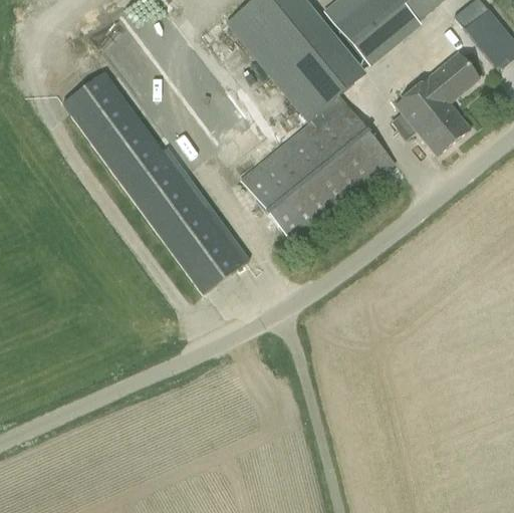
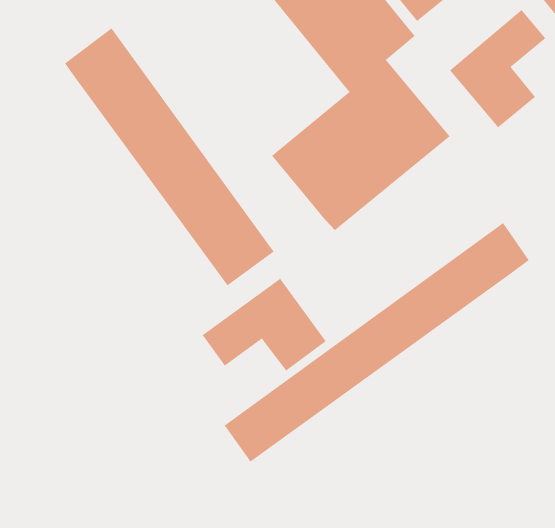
building: none -> [224,222,529,462]
building: none -> [202,278,326,372]

